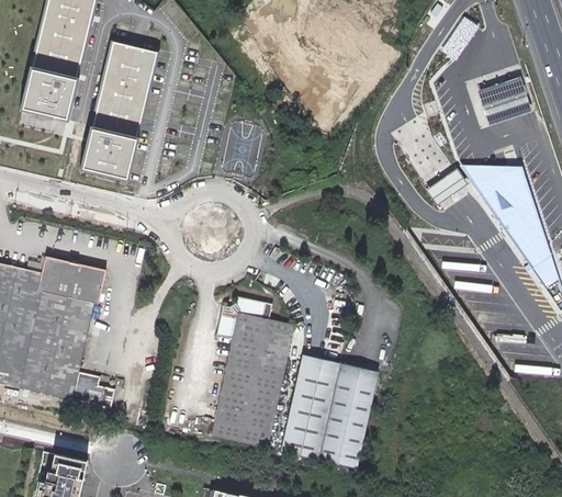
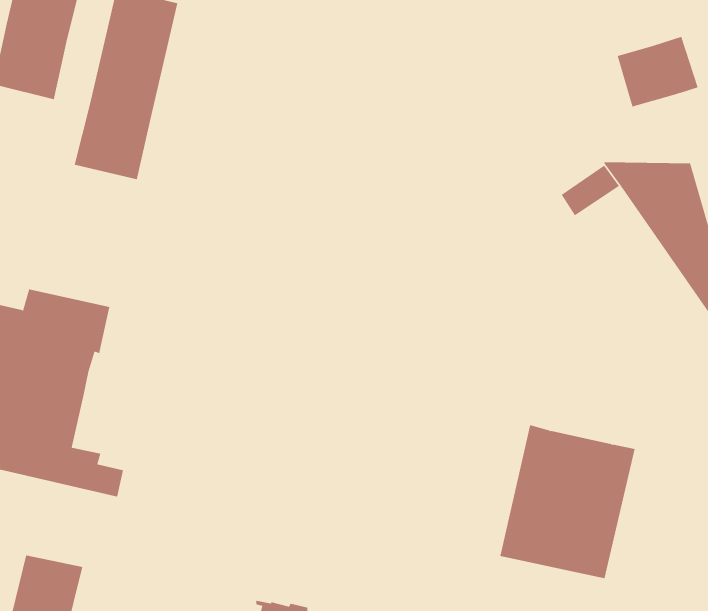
building: [206,297,291,449] -> none
building: [280,355,379,467] -> [499,425,635,579]

